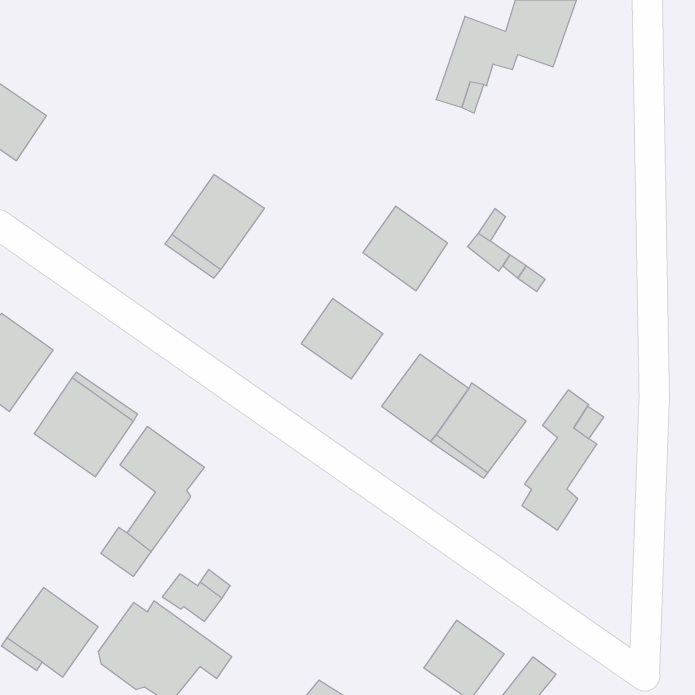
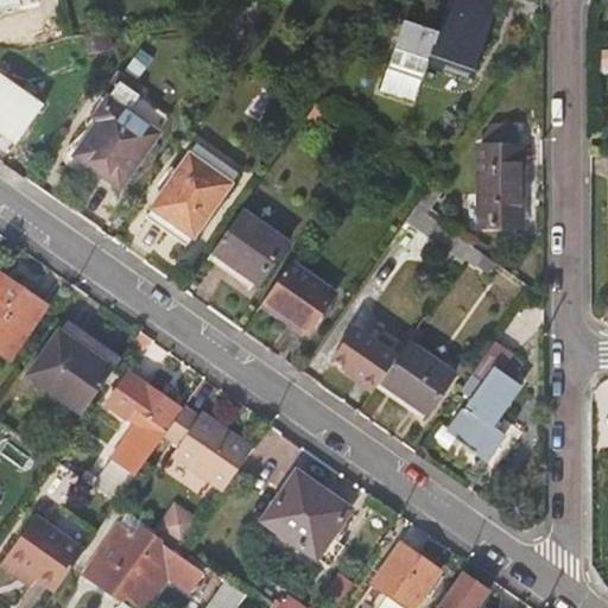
building: none -> [77,96,157,182]
building: none -> [484,124,522,227]
building: [363,206,447,291] -> [211,209,285,283]
building: none -> [165,407,254,492]
building: none -> [260,468,353,558]

